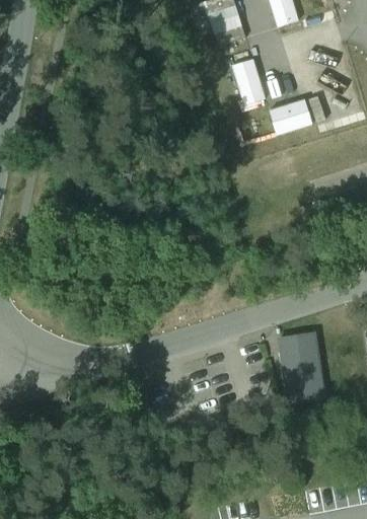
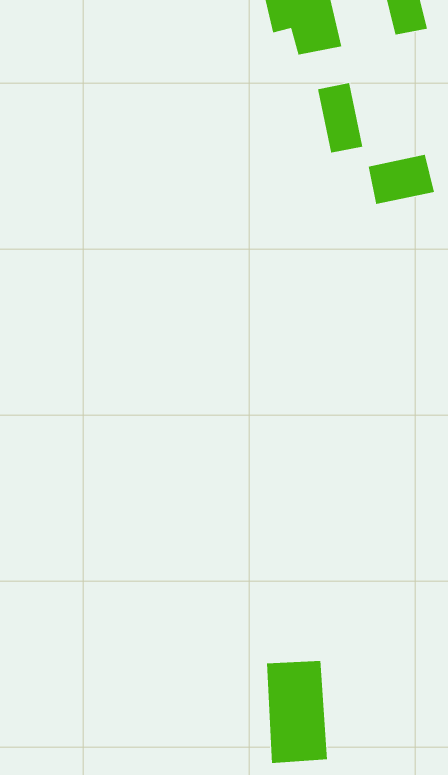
building: [278,331,322,399] -> [266,660,328,764]

